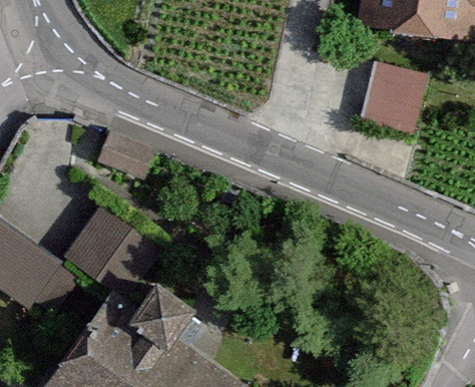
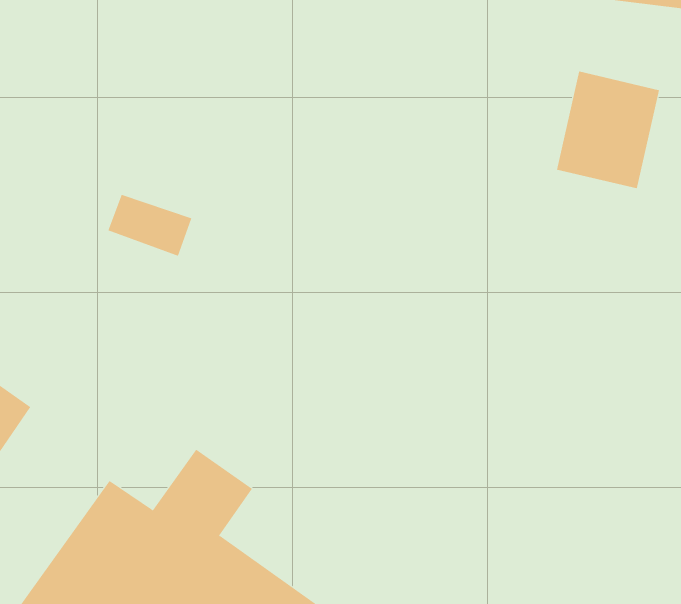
building: [72,209,157,293] -> none

